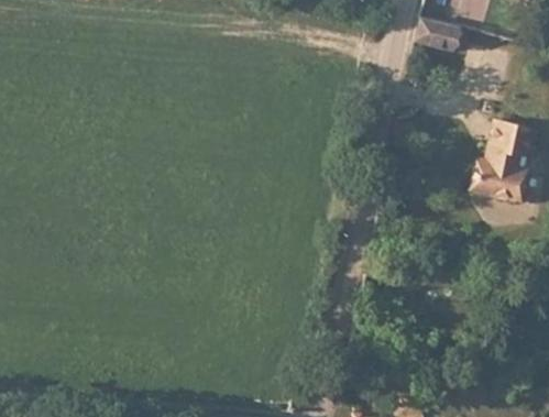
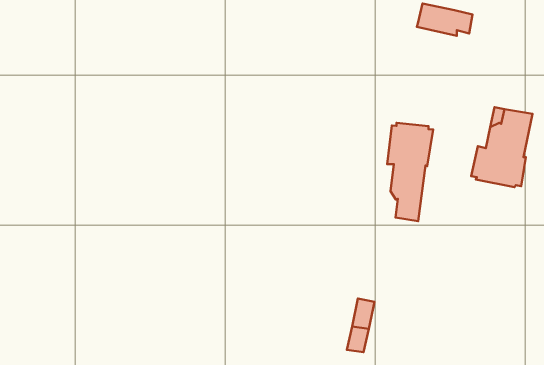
building: none -> [387,123,433,221]

